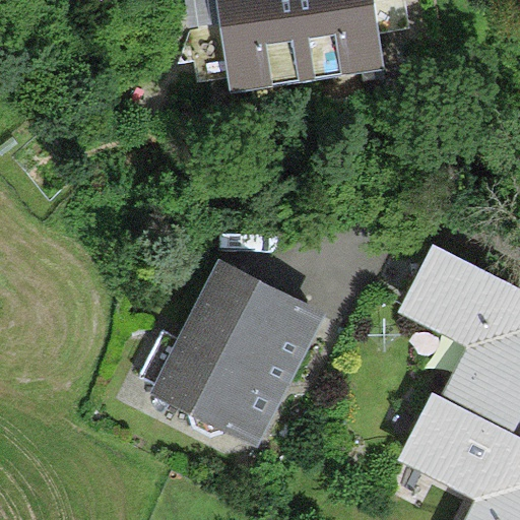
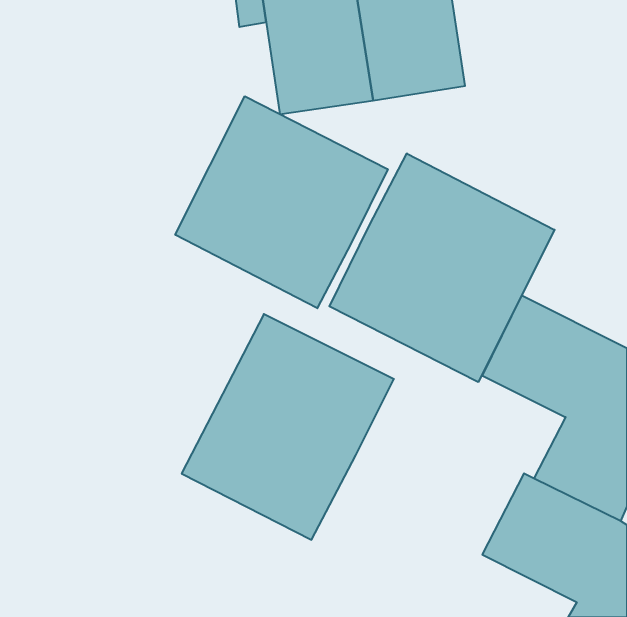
building: none -> [175,96,388,308]
building: none -> [329,153,555,382]

